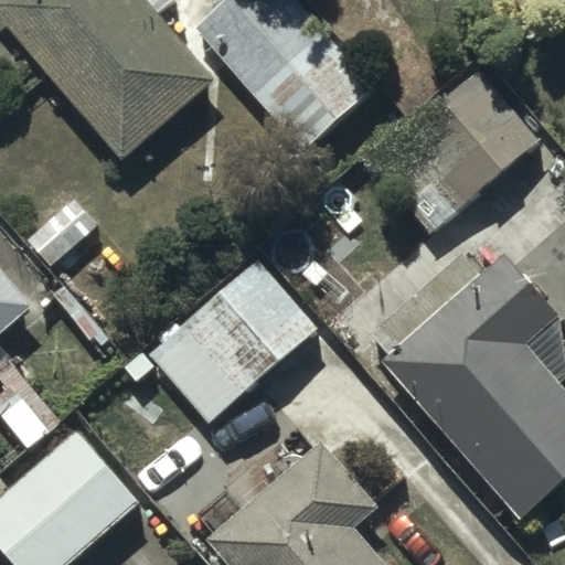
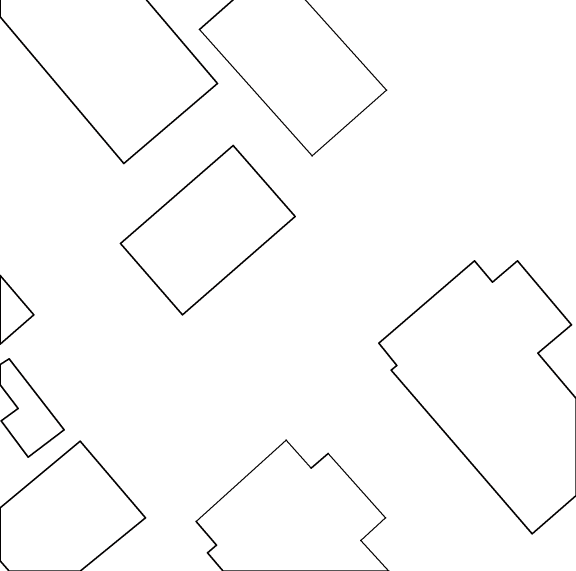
building: [372,71,537,231] -> none
building: [148,259,319,425] -> [121,145,295,315]

